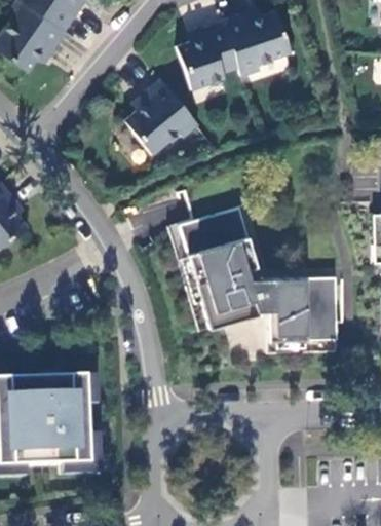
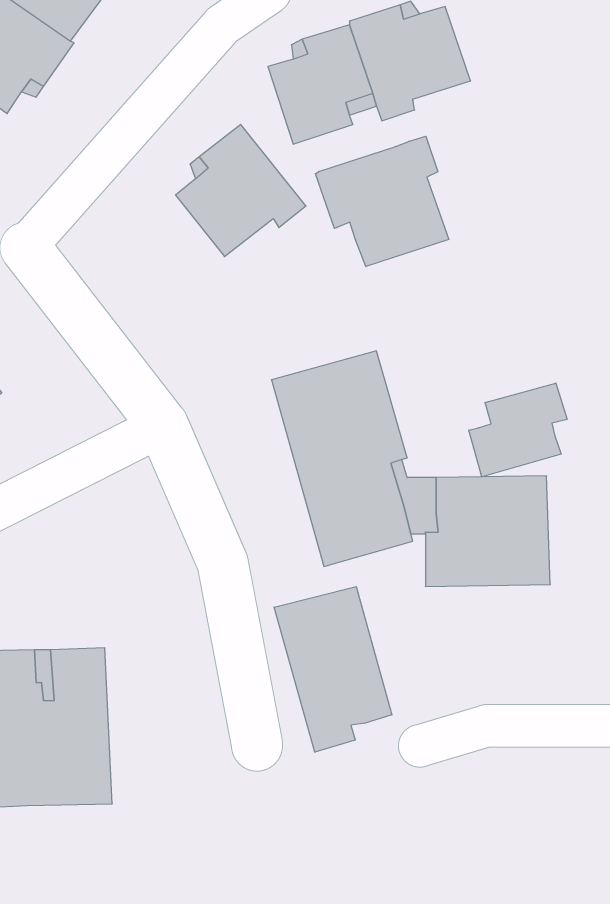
building: none -> [315,136,449,267]
building: none -> [469,383,567,477]
building: none -> [274,587,392,752]

